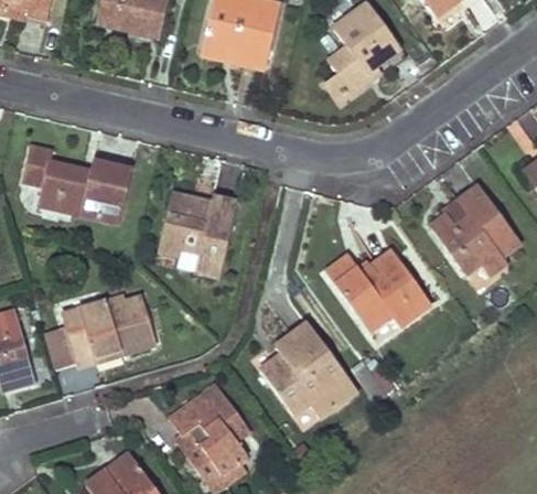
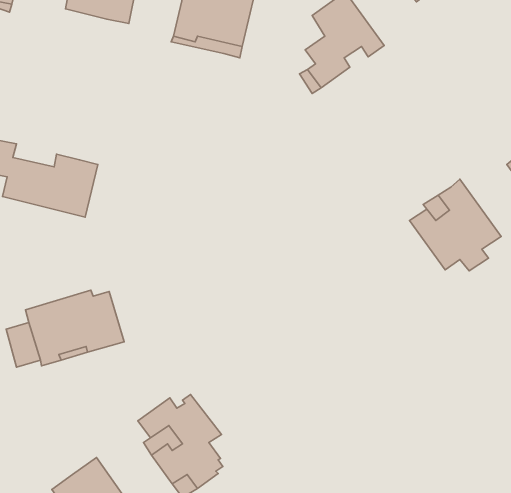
building: [158,195,236,277] -> none
building: [325,250,429,330] -> none
building: [260,323,356,418] -> none

